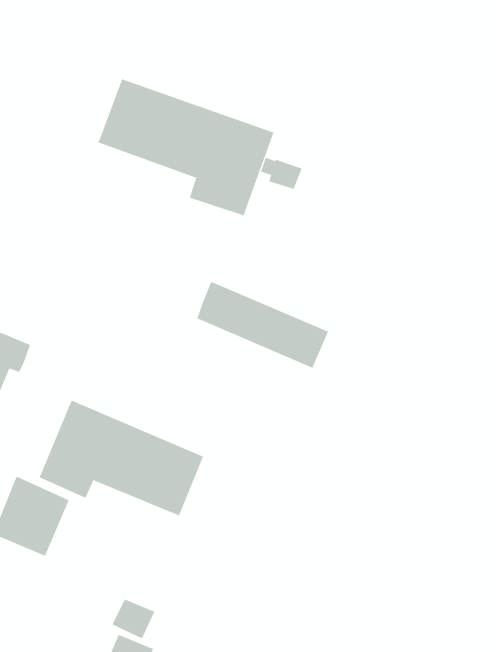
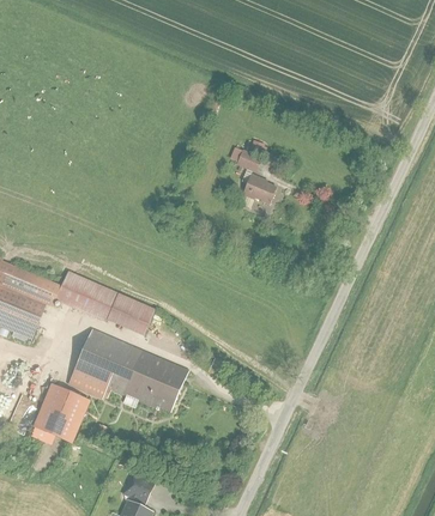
building: [98,78,274,216] -> none
building: none -> [242,172,276,204]
building: [196,281,329,369] -> [55,271,153,335]

